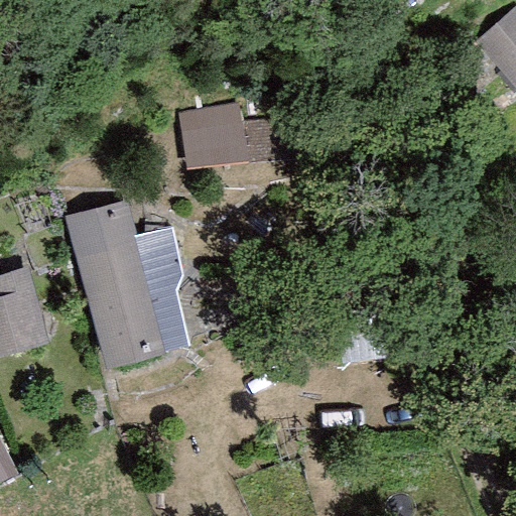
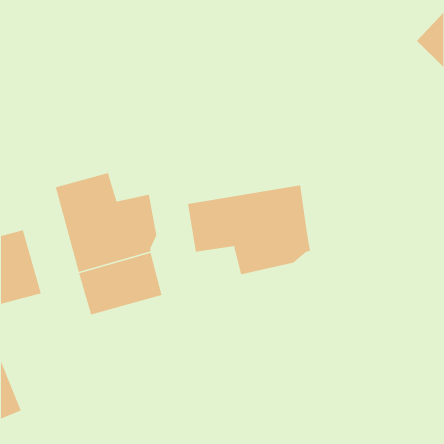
building: [188,105,277,172] -> none
building: none -> [187,185,311,275]

